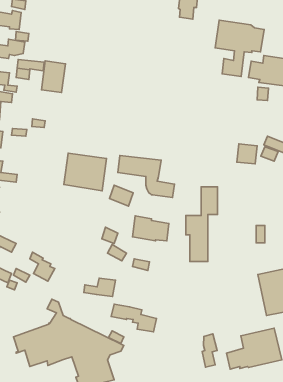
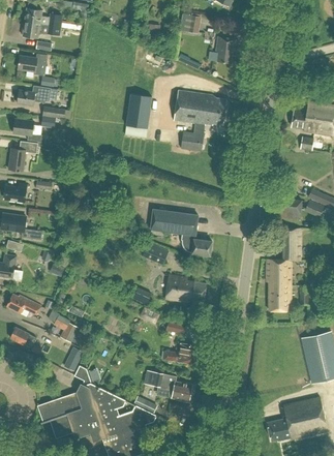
building: [215,20,264,77] -> [173,90,225,151]
building: [41,61,65,93] -> [125,94,151,128]
building: [64,153,106,191] -> none
building: [186,187,218,262] -> [266,229,300,309]
building: [84,278,116,296] -> [163,343,198,363]
building: [202,334,217,367] -> none

